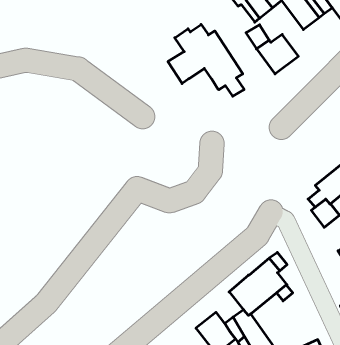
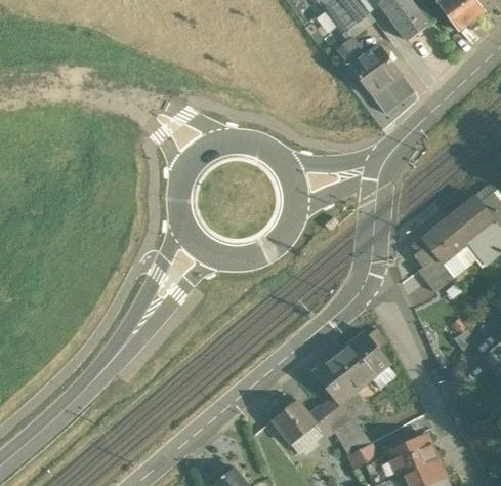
building: [168,24,244,96] -> none
building: none -> [372,74,414,113]

